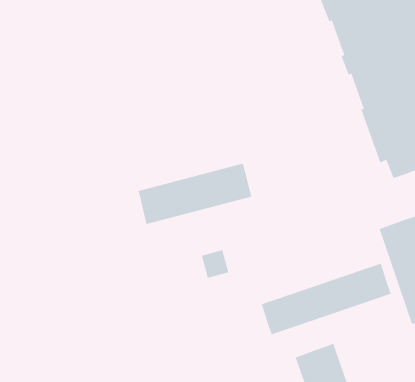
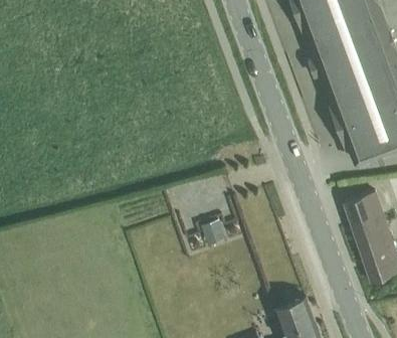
building: [138,163,252,225] -> none
building: [261,263,391,335] -> none

